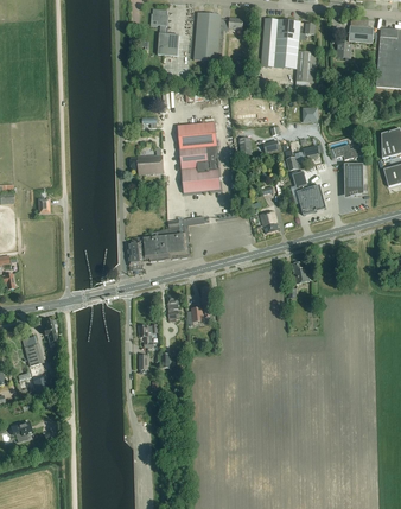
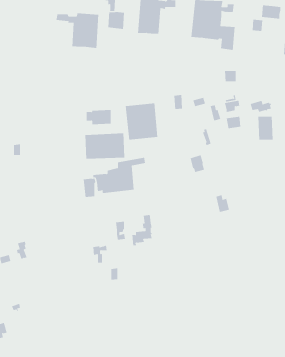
building: none -> [56,12,99,49]
building: [177,123,216,151] -> none
building: none -> [85,132,125,160]
building: [295,184,326,215] -> none

